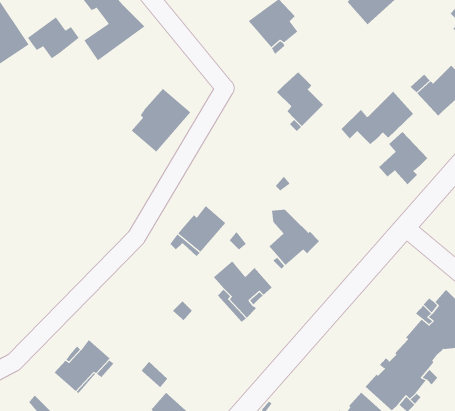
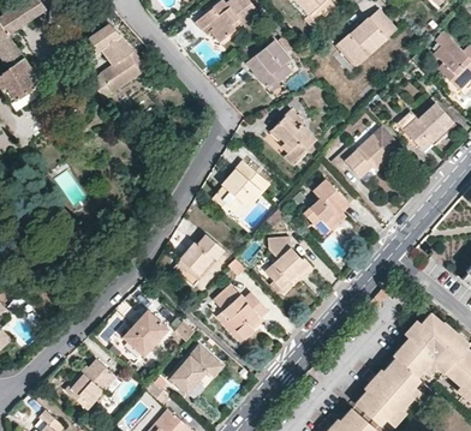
building: [27,16,80,59] -> none
building: [131,88,191,152] -> [213,160,269,220]
building: [378,131,428,185] -> [303,179,350,229]
building: none -> [124,310,167,354]
building: none -> [168,343,222,393]

